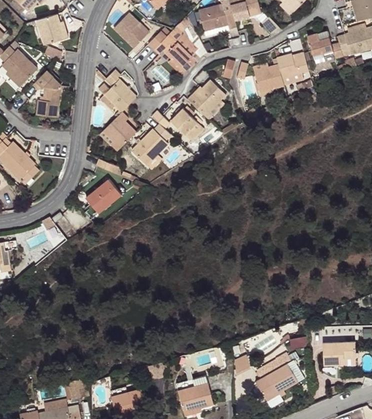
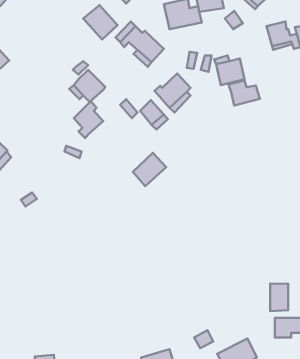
building: [36,14,67,46] -> none
building: [276,55,309,81] -> [228,81,260,105]
building: [35,69,61,116] -> none
building: [132,130,167,165] -> [133,153,166,186]
building: [82,178,118,210] -> none
building: none -> [270,283,288,311]

